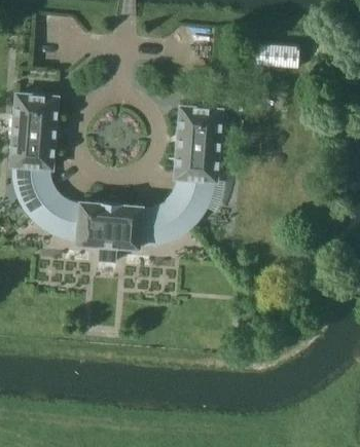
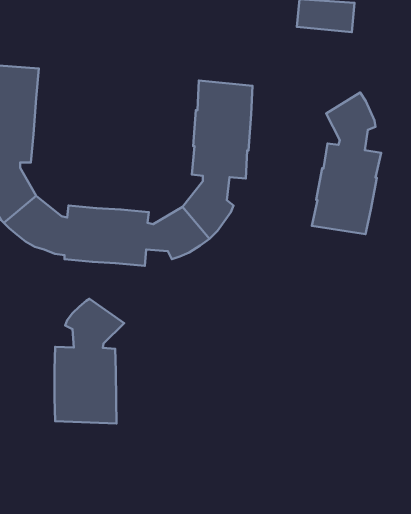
building: none -> [312,92,381,234]
building: none -> [54,299,124,423]

